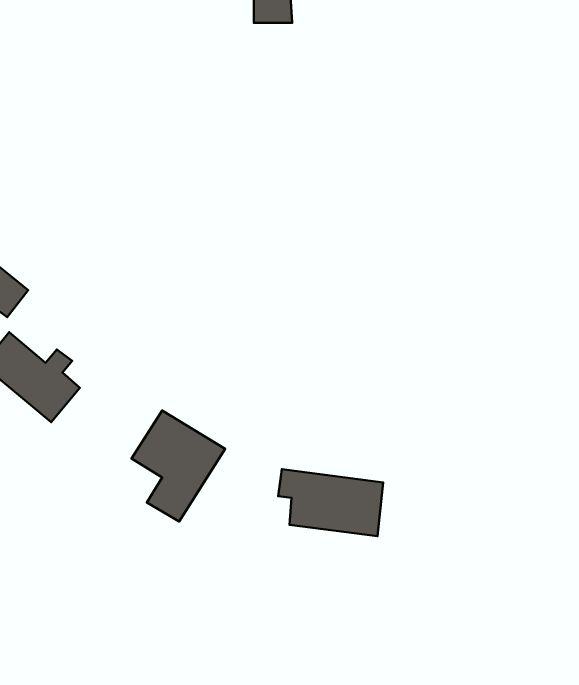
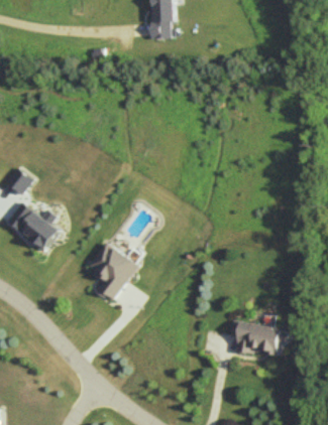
building: [278,469,383,536] -> [228,321,284,357]

